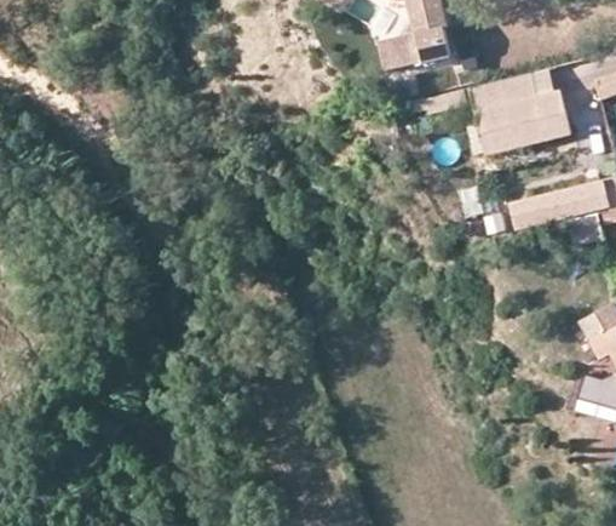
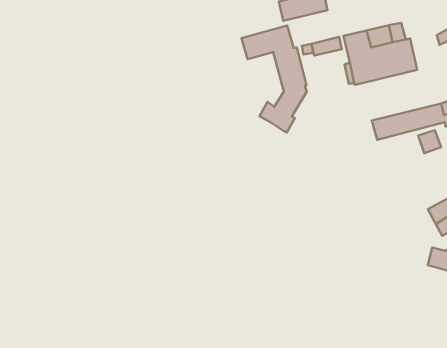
building: none -> [242,26,307,133]

